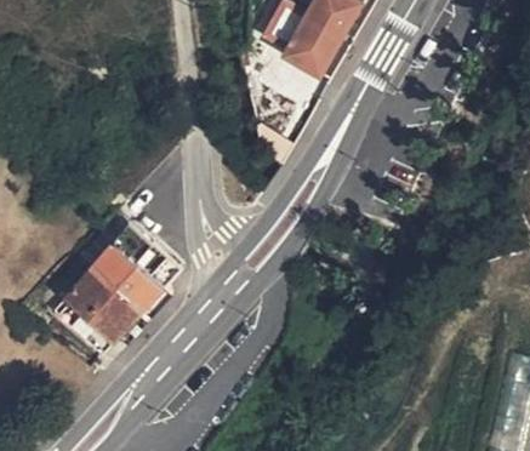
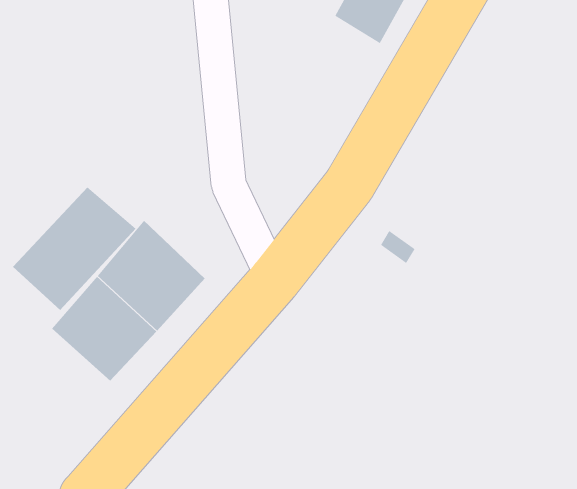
building: none -> [12,187,136,311]

